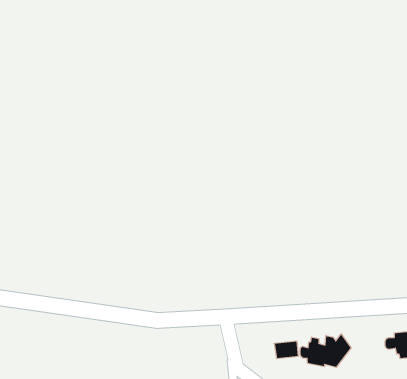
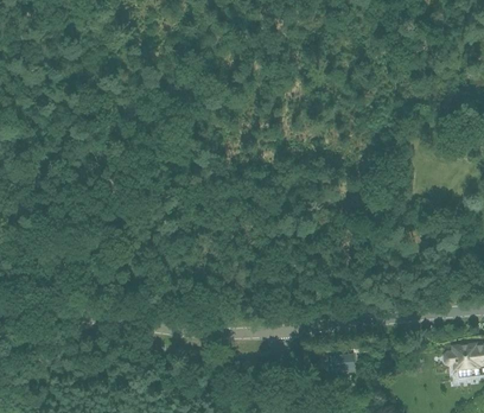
building: [300,334,351,367] -> none

